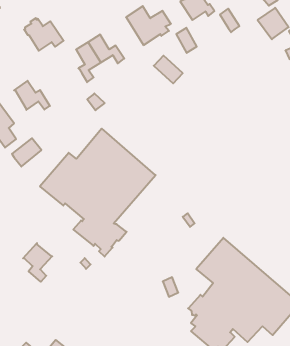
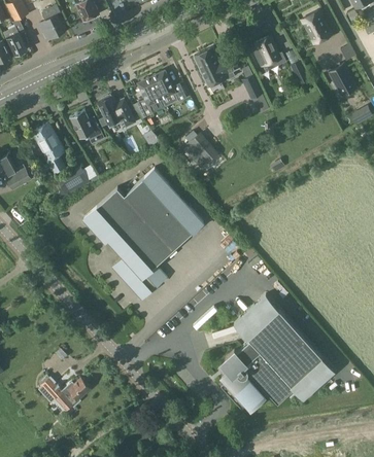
building: [24,18,64,51] -> [97,95,136,129]
building: [154,56,183,83] -> [190,135,218,165]
building: [23,243,52,282] -> none

